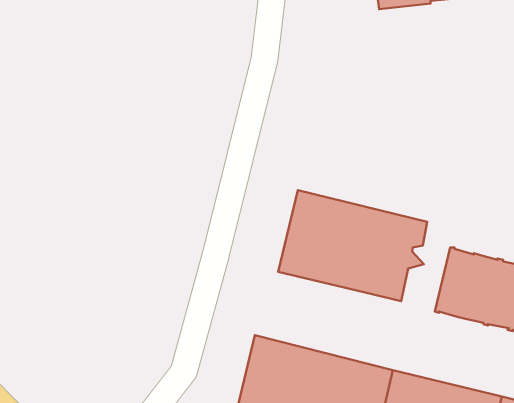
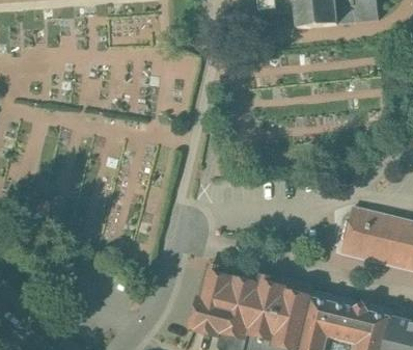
building: [278,190,427,301] -> none

